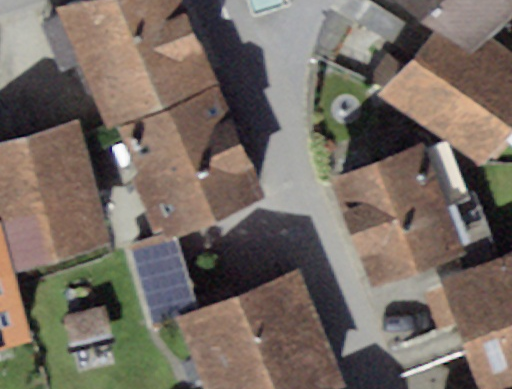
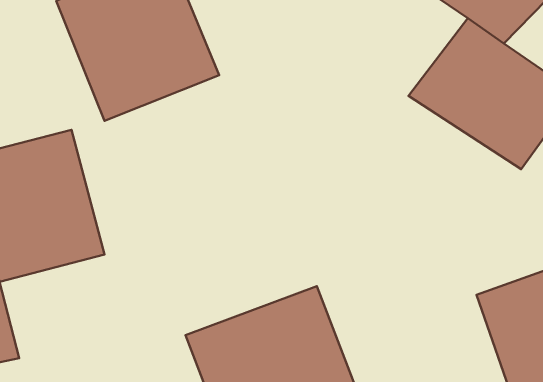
building: [113,91,263,242] -> none
building: [332,144,467,289] -> none

